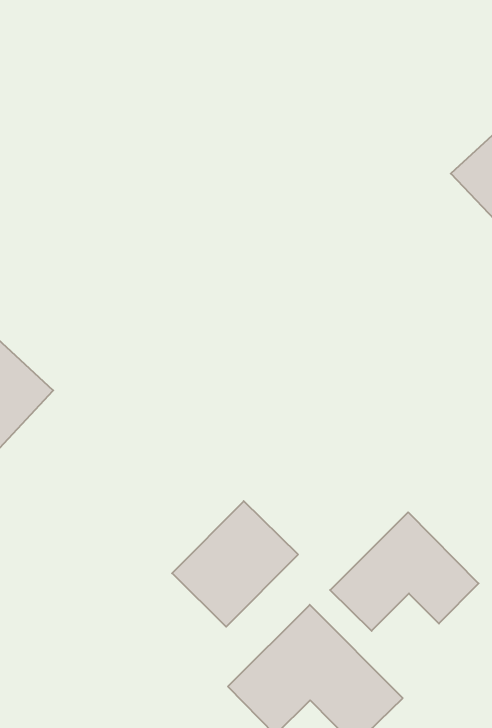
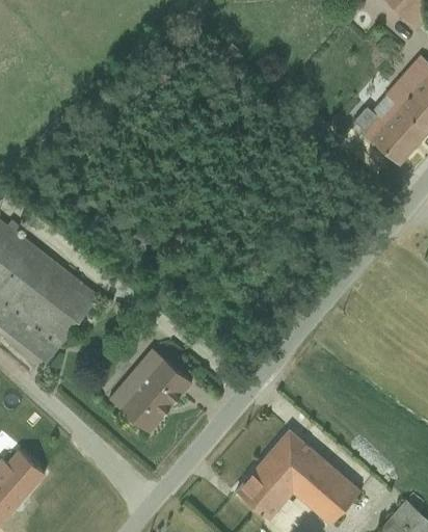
building: [172,501,298,627] -> [106,348,191,435]
building: [330,512,479,631] -> none

